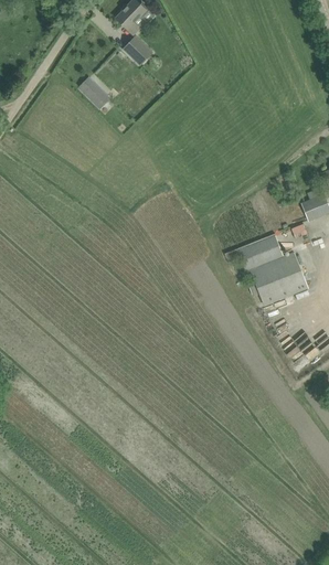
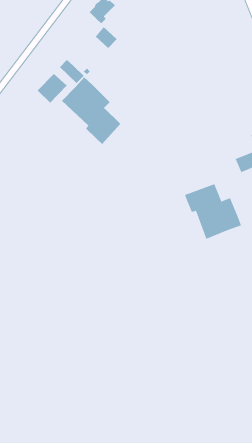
building: none -> [37,73,67,104]
building: none -> [61,76,121,145]

